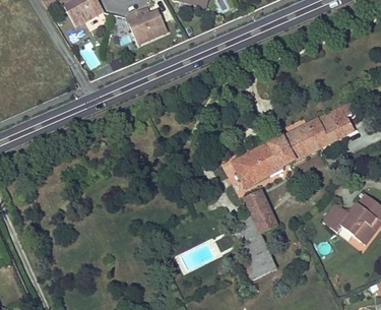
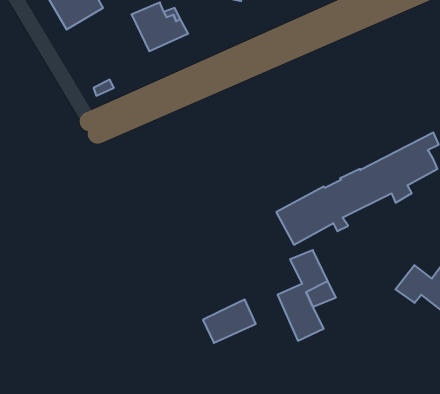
building: [237,251,276,284] -> [203,300,256,343]

